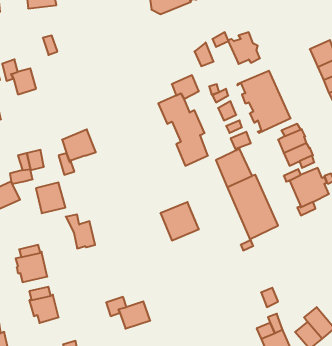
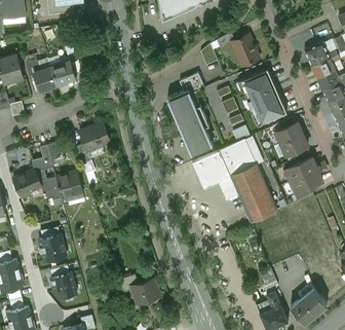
building: none -> [50,62,75,85]
building: [160,202,199,240] -> [194,151,229,186]
building: [66,214,95,248] -> [34,171,61,201]

